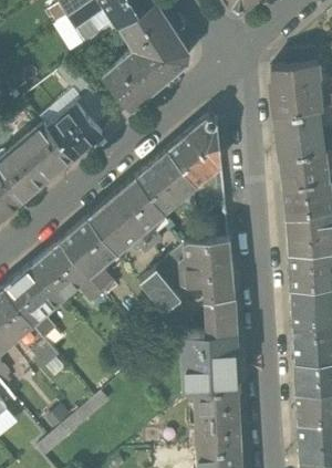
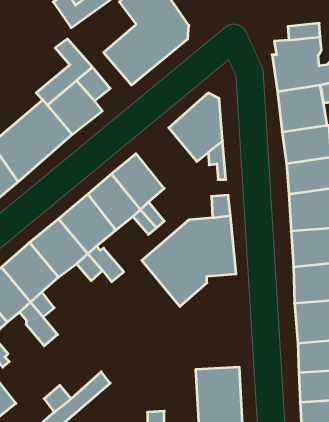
building: [135,153,195,217] -> none
building: [184,297,237,392] -> none

